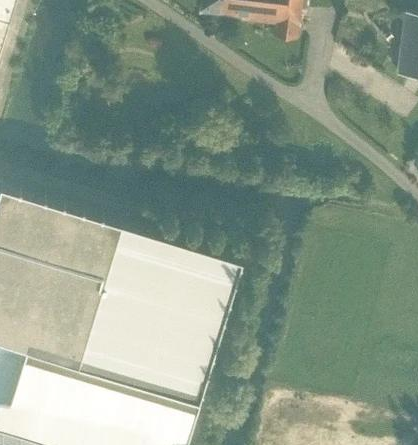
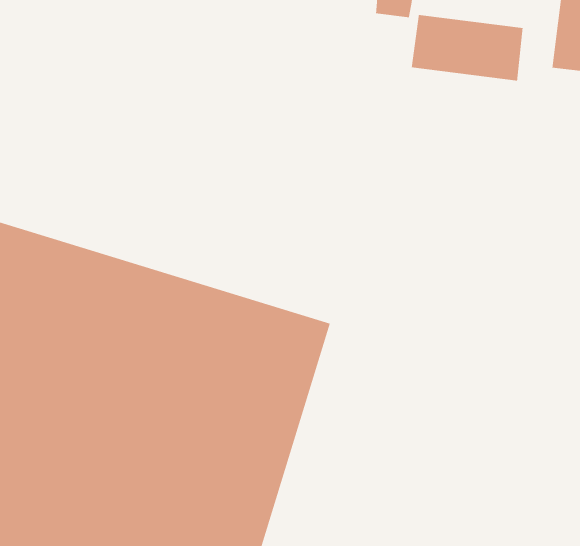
building: none -> [411,14,524,82]

